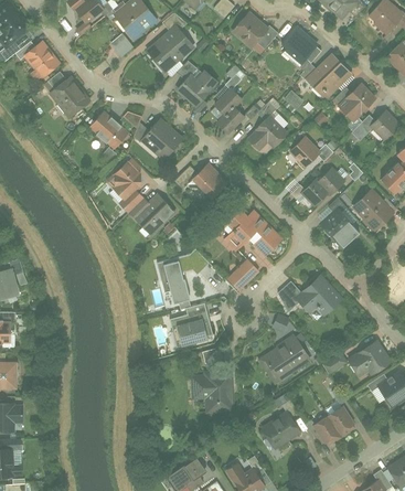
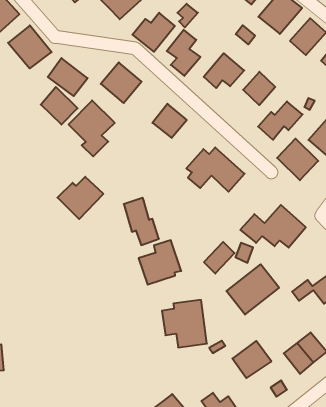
building: none -> [41,87,78,125]
building: [129,192,177,235] -> [57,177,103,219]
building: [227,258,259,290] -> [204,242,235,274]

